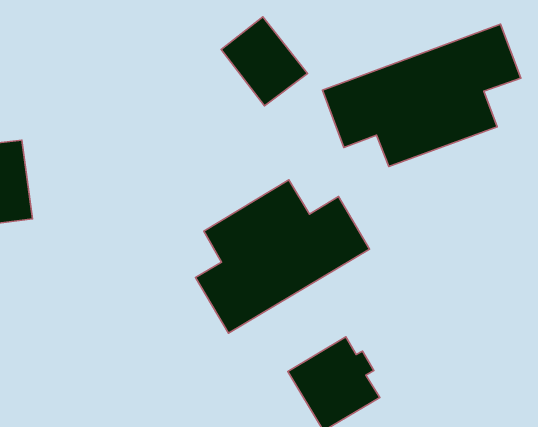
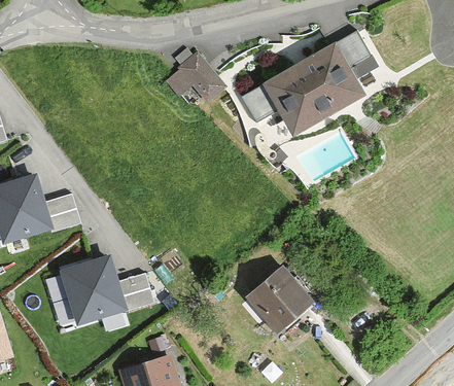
building: [195,180,370,333] -> none
building: none -> [55,245,124,318]

